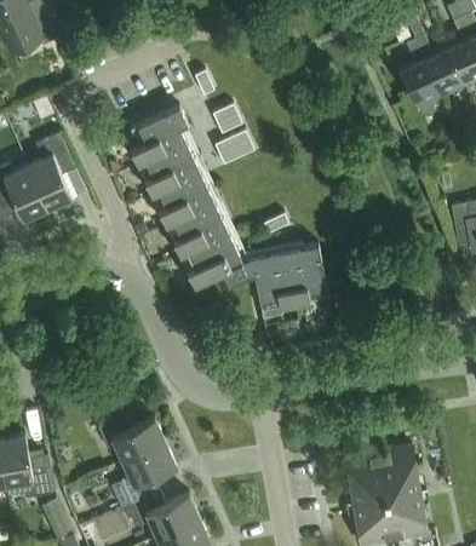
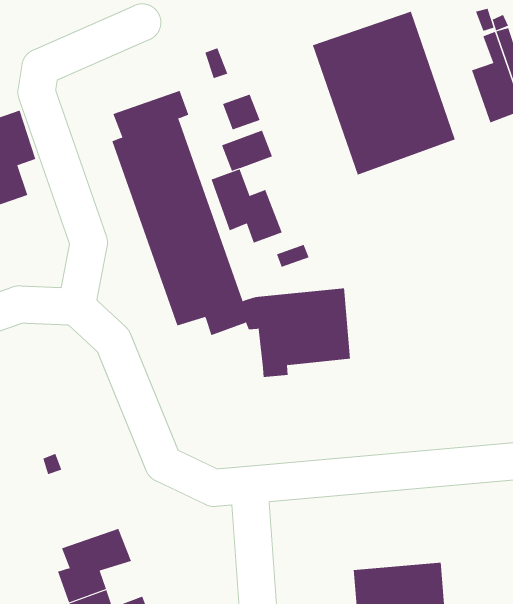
building: none -> [312,11,456,175]
building: none -> [211,169,282,244]
building: [98,414,165,462] -> none

